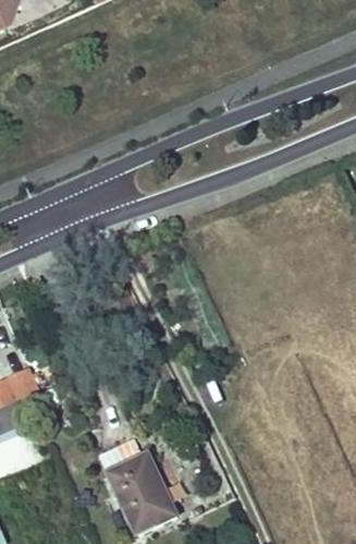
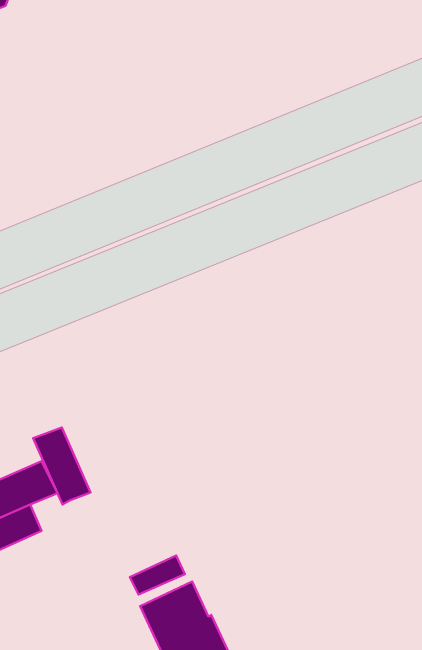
building: none -> [33,427,90,504]

